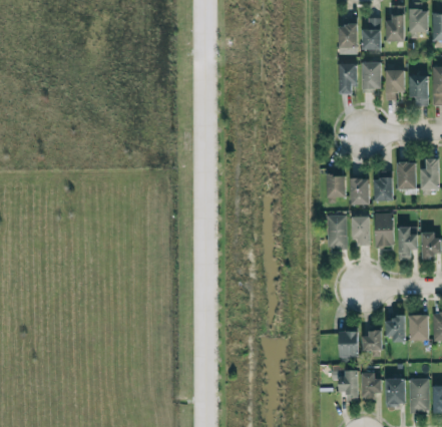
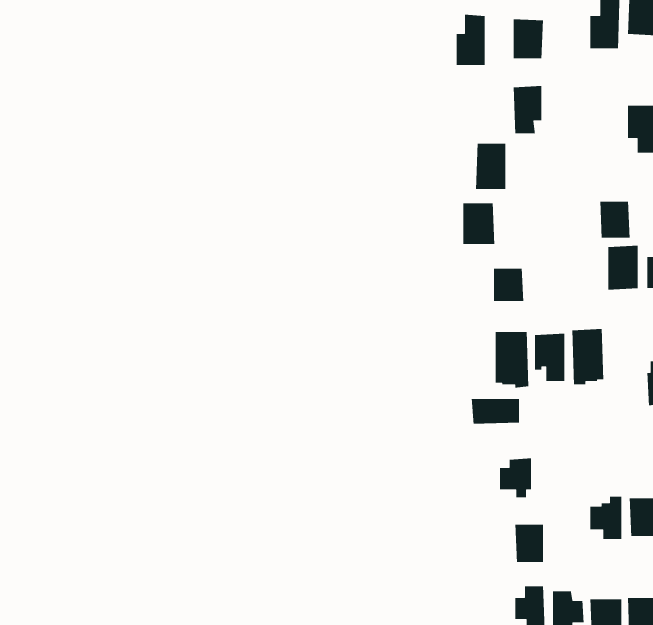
building: [362,17,380,49] -> [456,14,485,66]
building: [361,61,380,90] -> [475,143,506,190]
building: [384,69,404,99] -> none
building: [373,177,392,200] -> [599,201,630,238]
building: [349,178,369,204] -> [462,203,495,245]
building: [398,226,419,260] -> none
building: none -> [471,398,520,424]
building: [362,331,382,356] -> [499,458,532,498]

